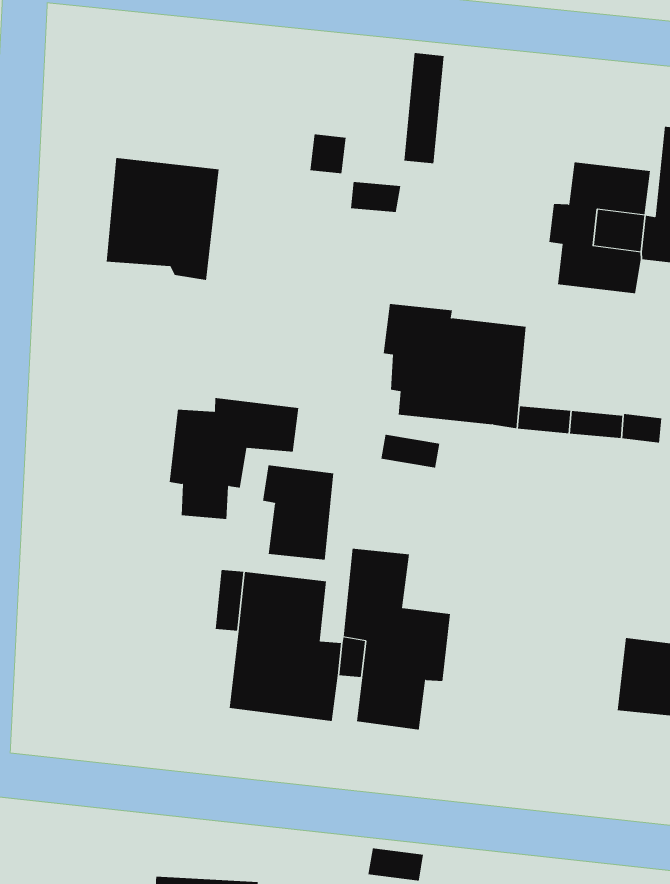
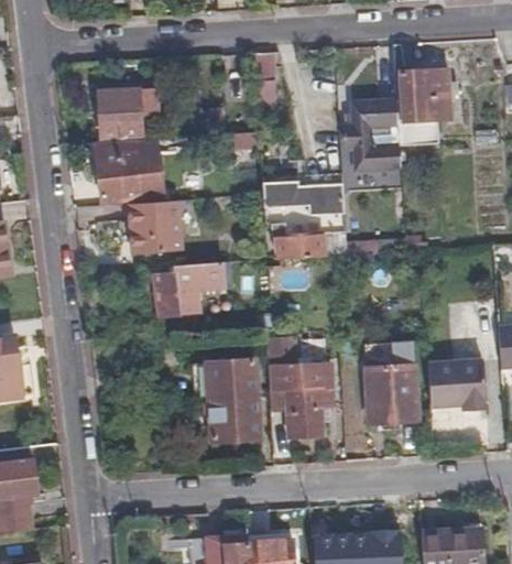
building: none -> [101,93,162,138]
building: none -> [131,200,181,253]
building: [263,464,334,561] -> none
building: none -> [367,344,417,423]

